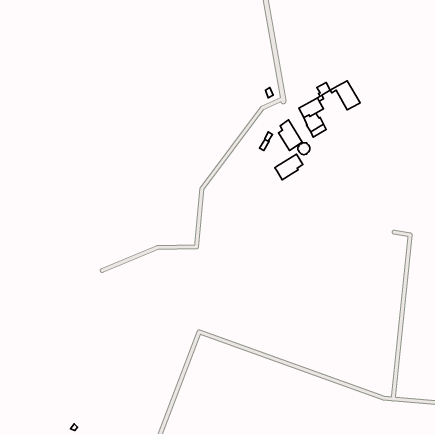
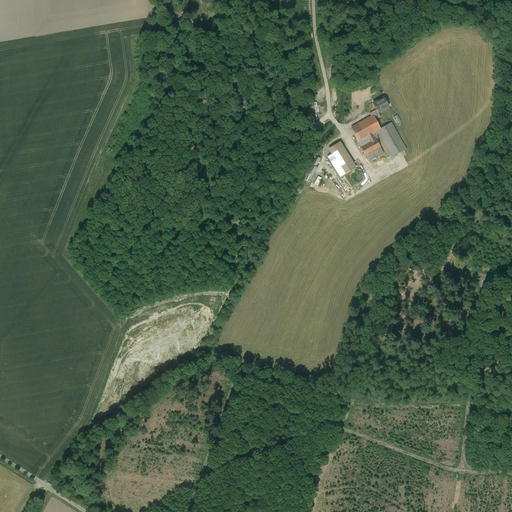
building: [330,81,360,110] -> [371,122,406,156]
building: [275,154,303,180] -> none

